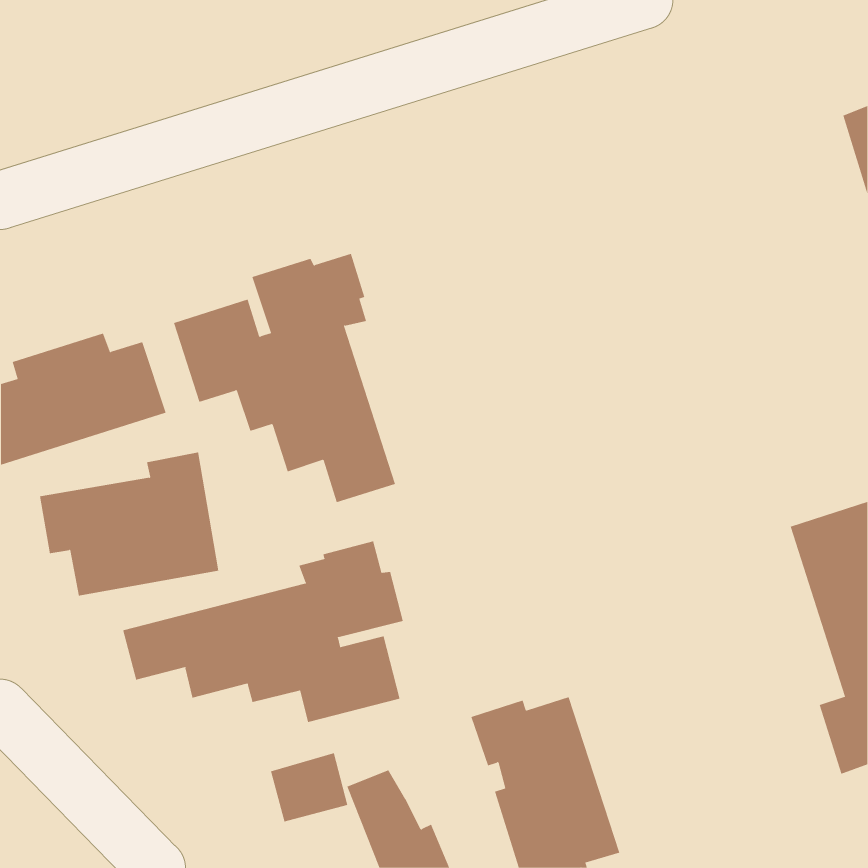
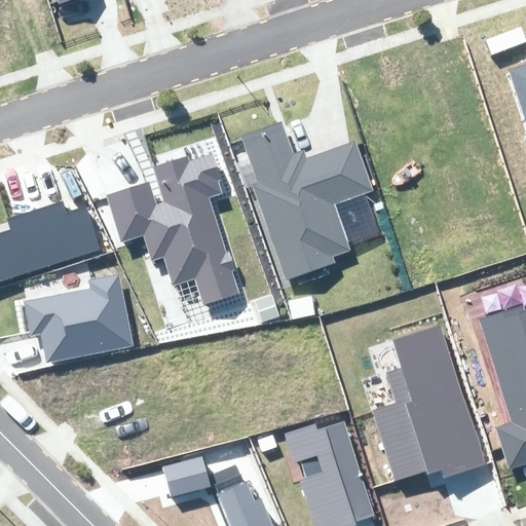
building: none -> [242,122,373,277]
building: none -> [372,326,486,482]
building: [123,540,404,723] -> none

